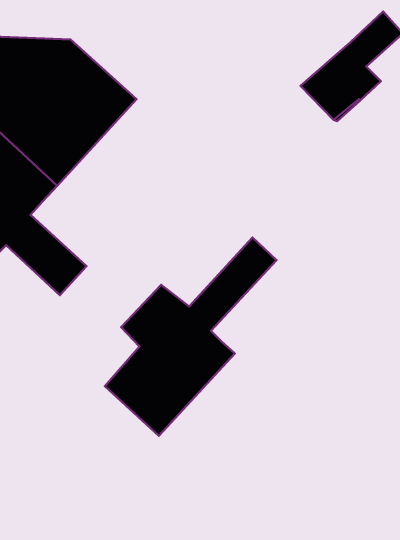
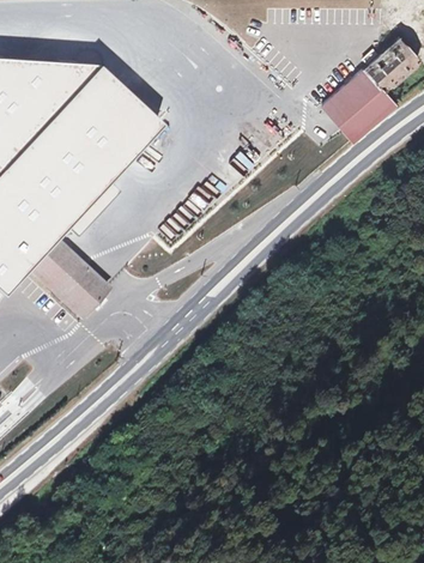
building: [105,238,277,436] -> none

